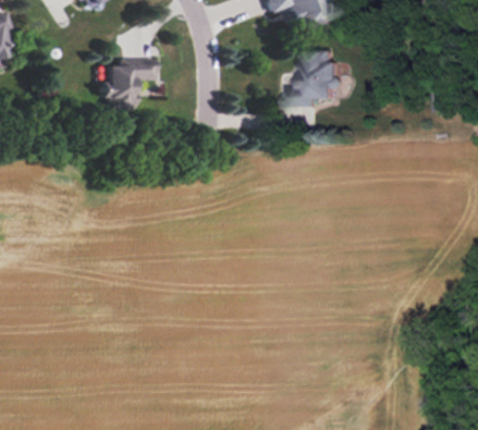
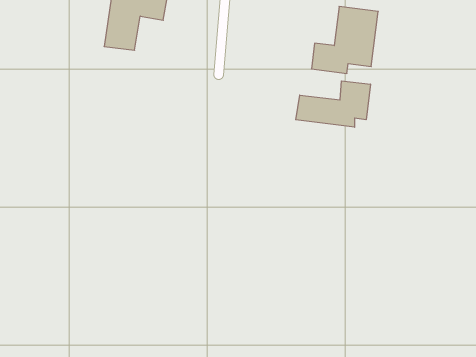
building: none -> [296,81,370,127]

